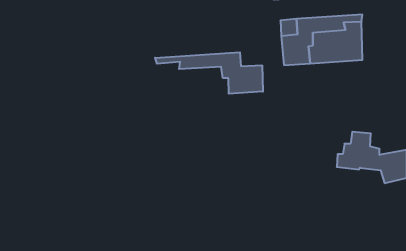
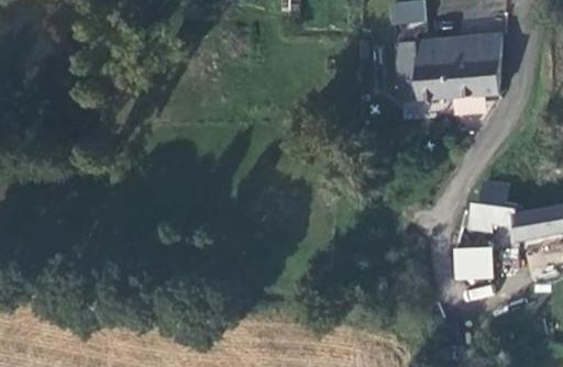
building: [155,52,263,94] -> none
building: none -> [459,246,497,278]

